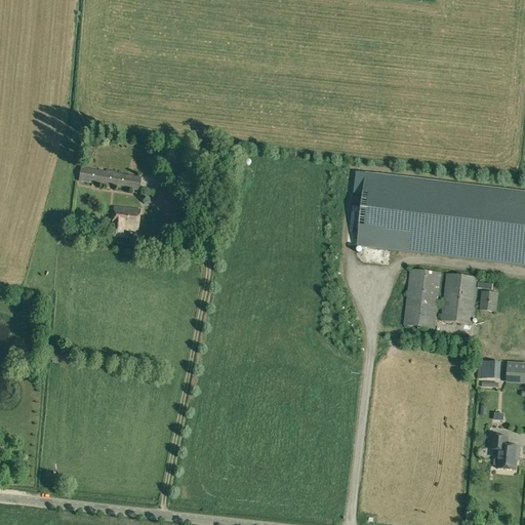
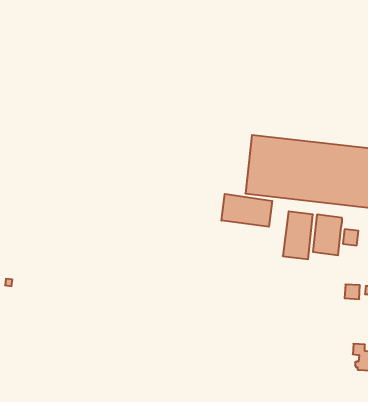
building: [78,166,142,190] -> none
building: [111,205,139,234] -> none
building: none -> [221,194,272,227]

